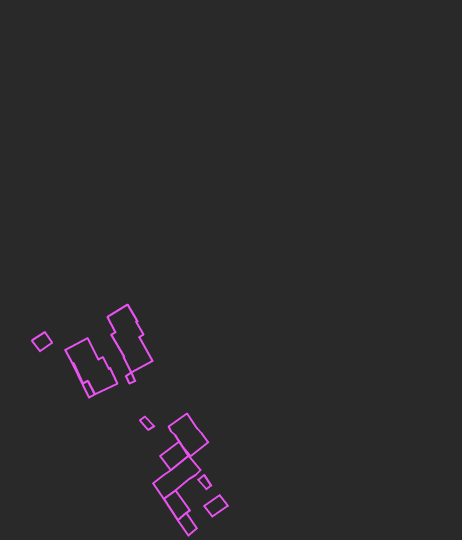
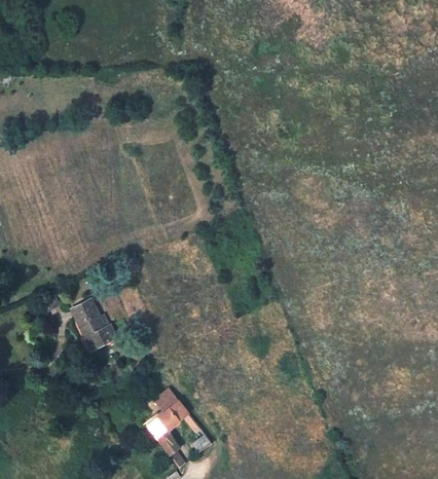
building: [108,305,153,373] -> none
building: [169,414,208,456] -> none

